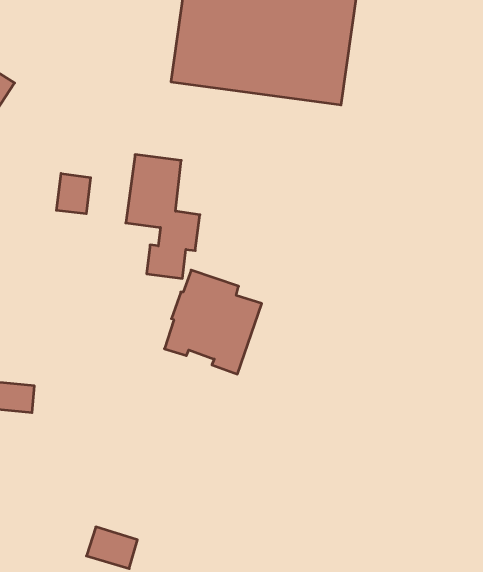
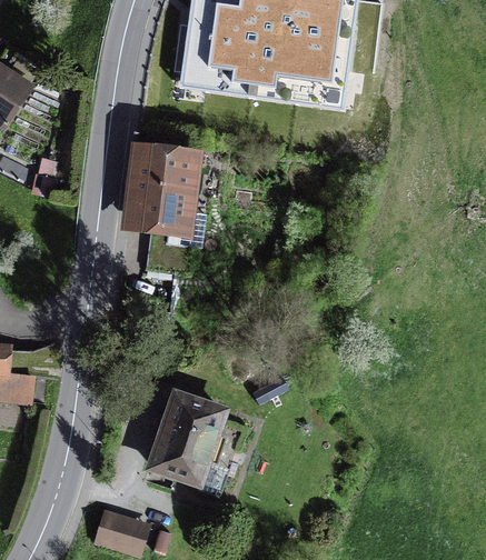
building: [56,173,91,214] -> none
building: [164,270,262,374] -> [147,390,240,490]

